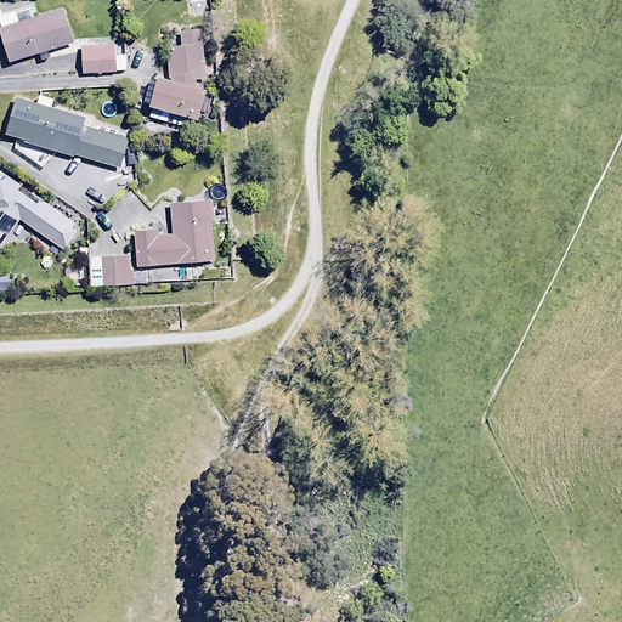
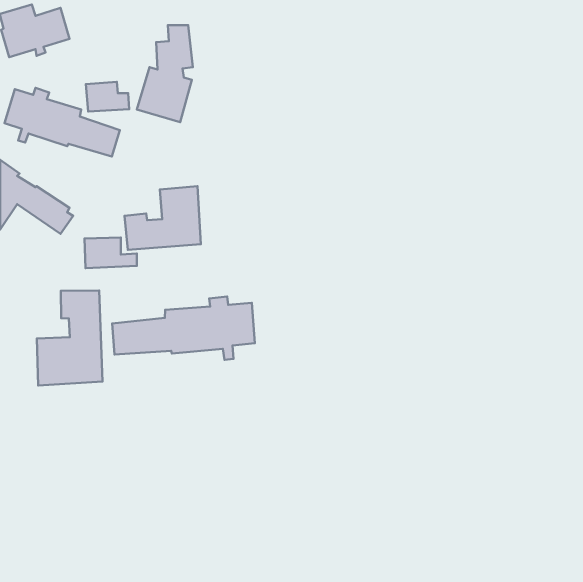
building: [80,43,126,74] -> [86,82,129,112]
building: none -> [37,290,103,385]
building: none -> [112,297,255,360]

